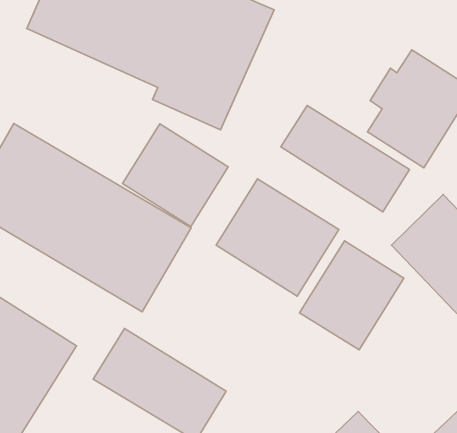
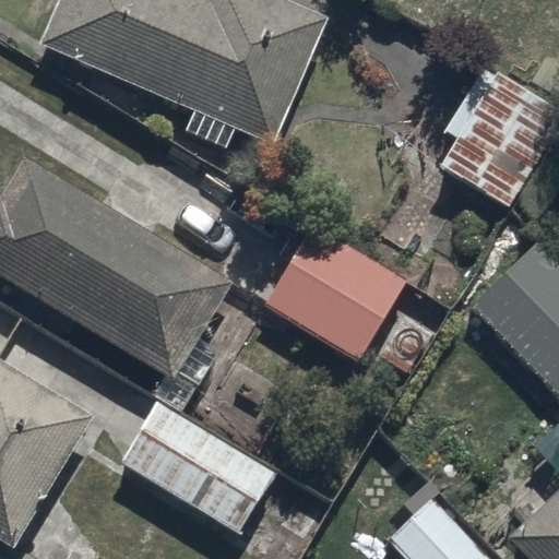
building: [281,105,409,212] -> none
building: [122,124,228,226] -> none
building: [300,241,404,350] -> none

